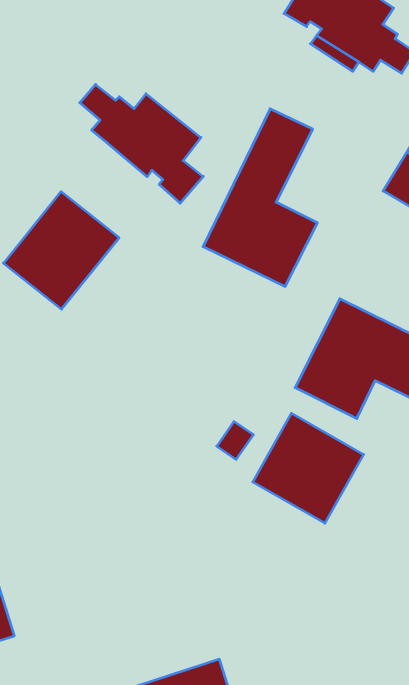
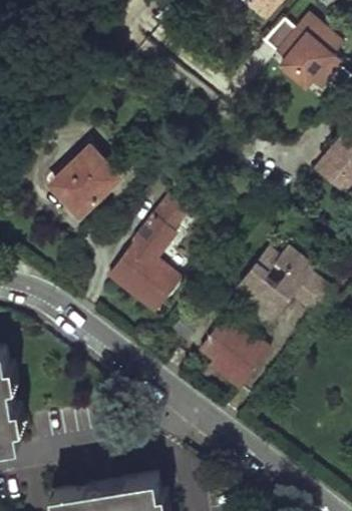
building: [80,84,203,203] -> none
building: [203,109,317,286] -> [106,192,193,315]

